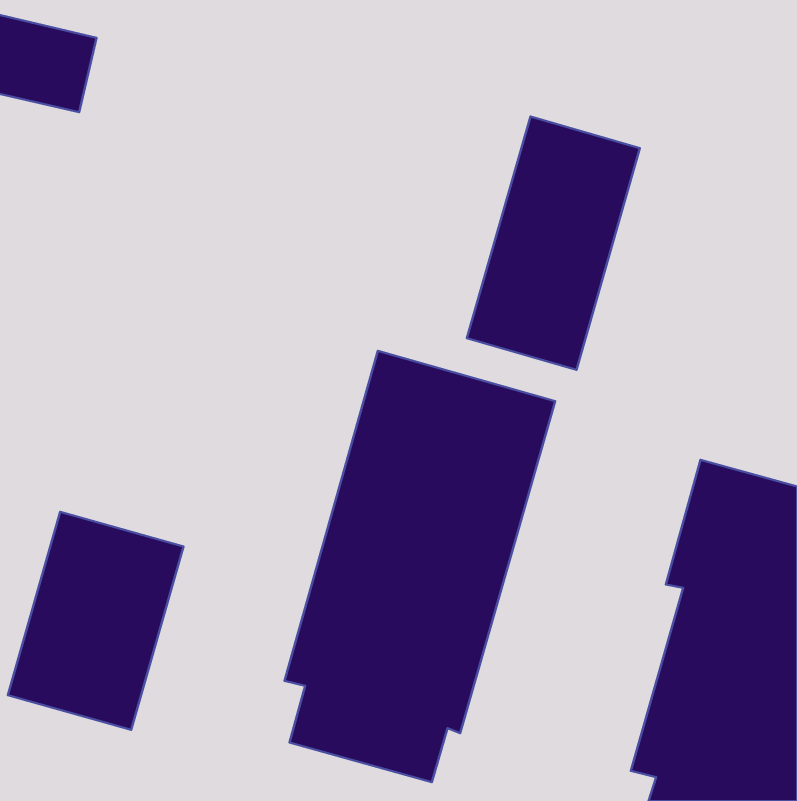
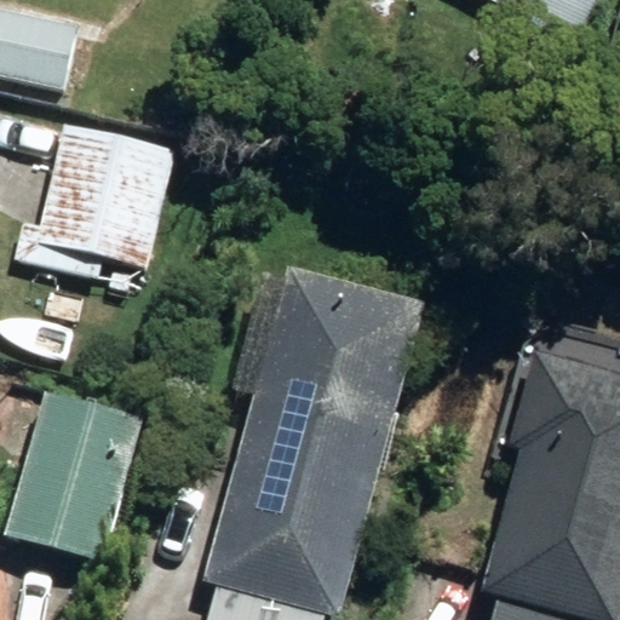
building: [467,116,640,370] -> none
building: none -> [11,126,171,275]

